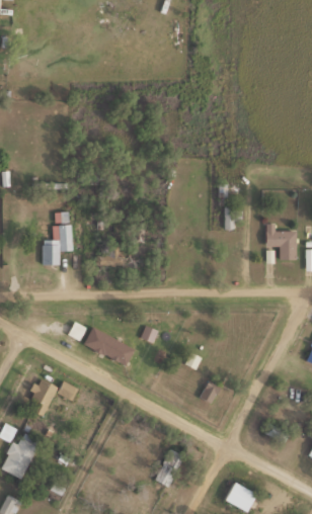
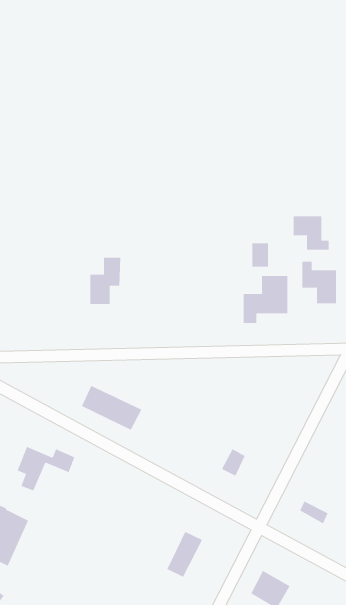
building: none -> [293,216,329,251]
building: [44,226,70,265] -> [90,257,121,304]
building: none -> [243,275,288,324]

